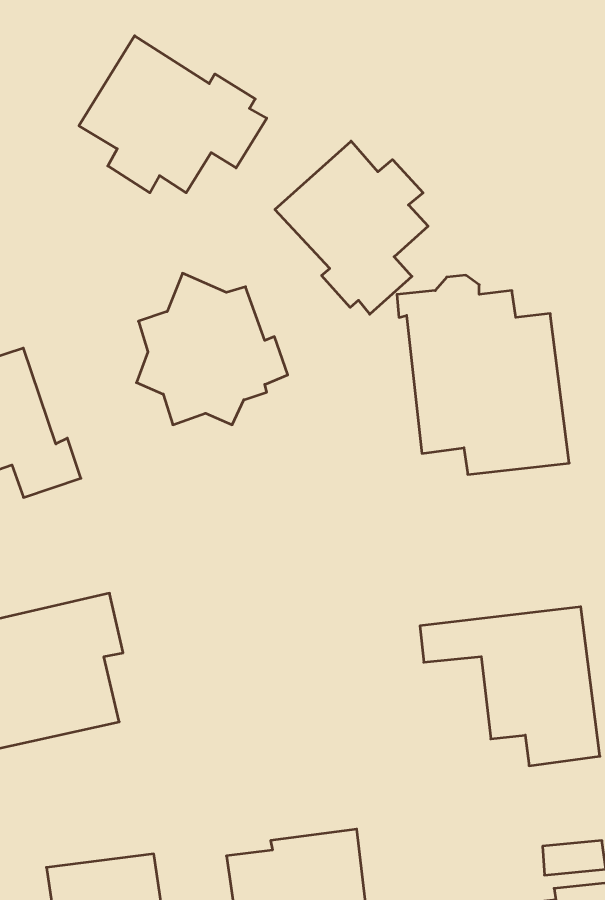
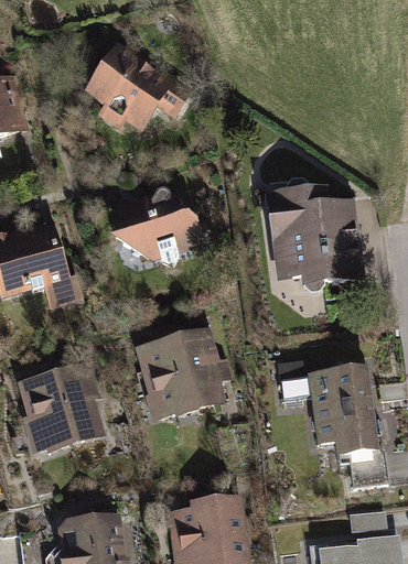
building: [275,141,428,314] -> none
building: none -> [136,325,227,421]

